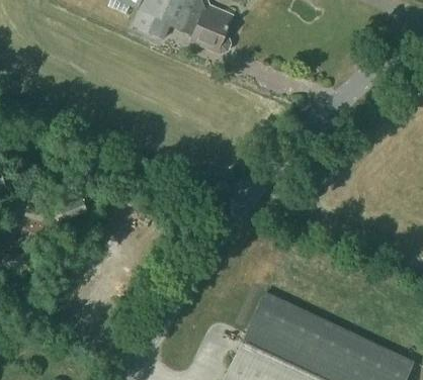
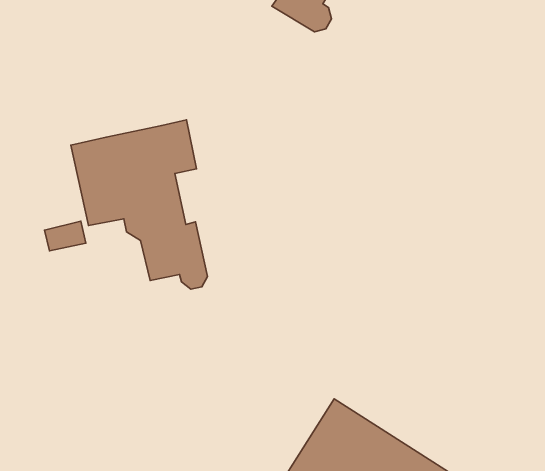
building: none -> [71,120,208,289]

